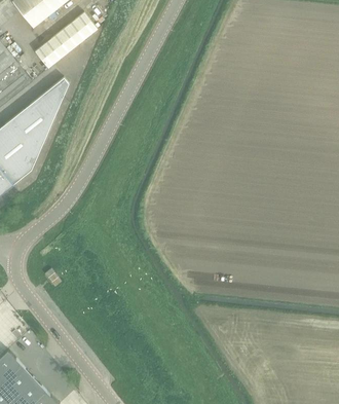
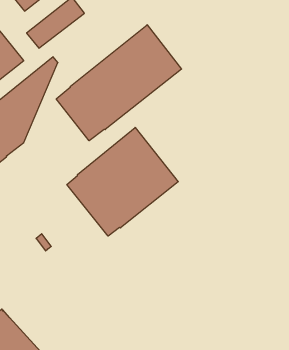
building: none -> [56,25,182,141]
building: none -> [67,127,178,236]

